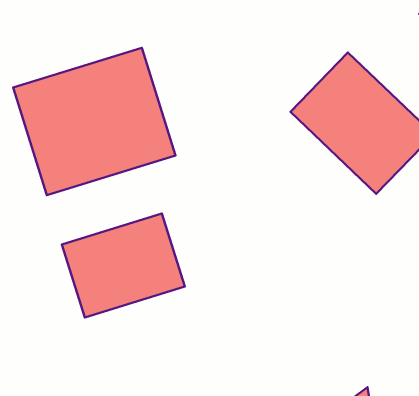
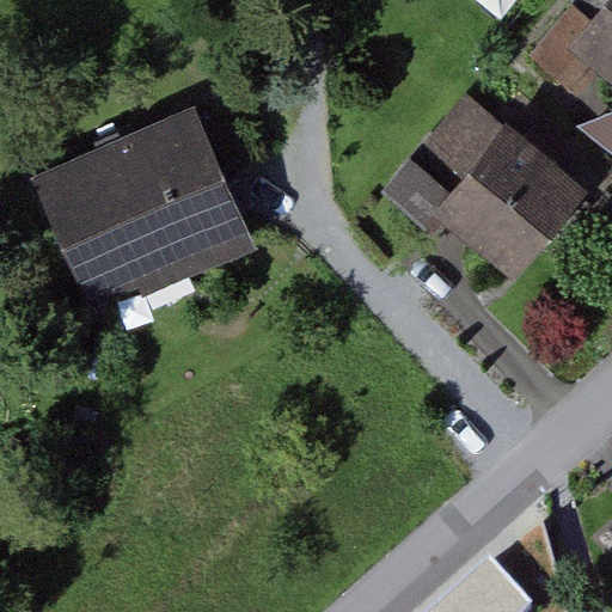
building: [62,213,185,317] -> none

